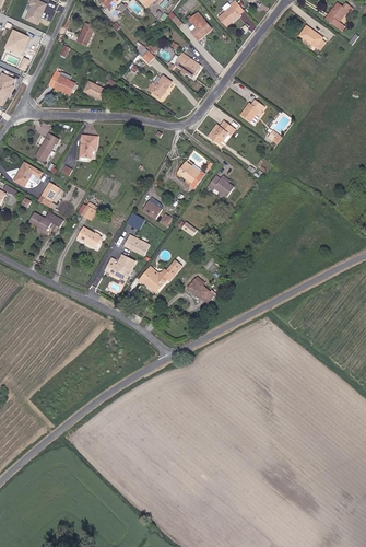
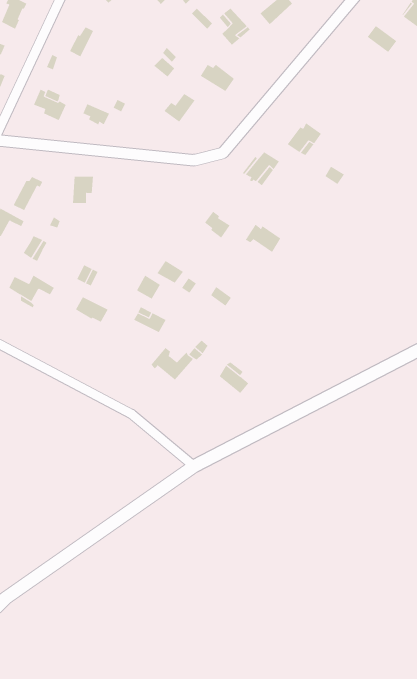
building: [104,255,134,280] -> none

